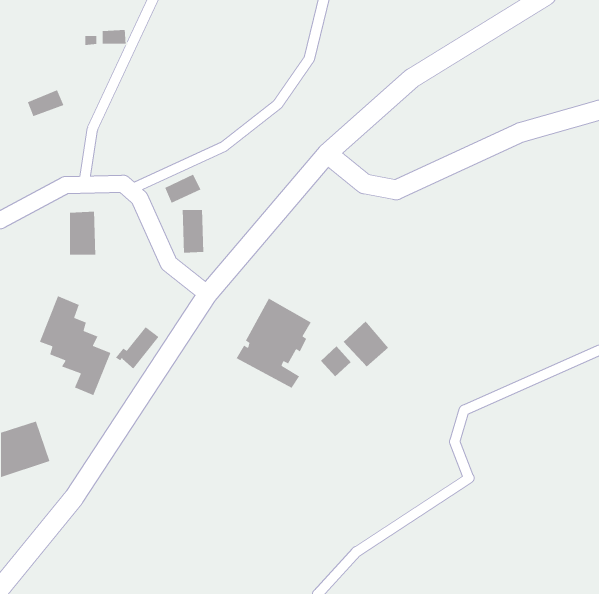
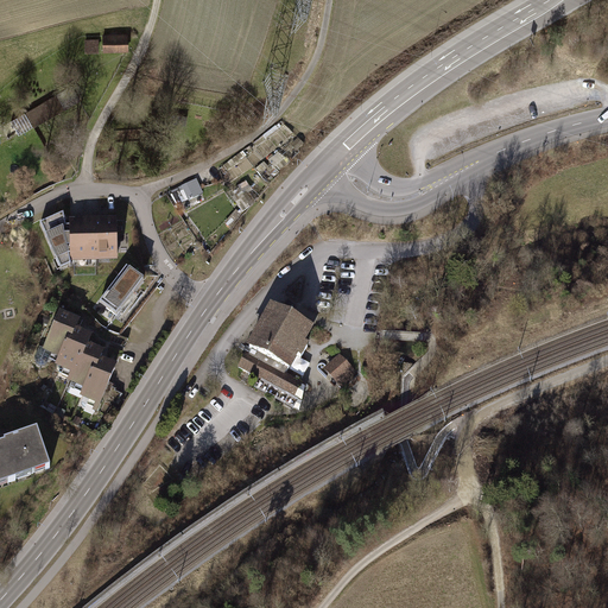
building: none -> [40,210,71,267]
building: [182,209,204,254] -> [96,214,119,259]
building: [343,321,389,367] -> none
building: [115,326,159,370] -> [100,267,145,311]

